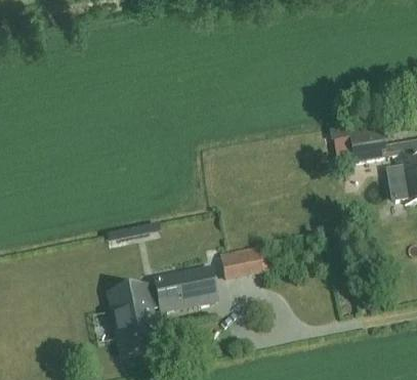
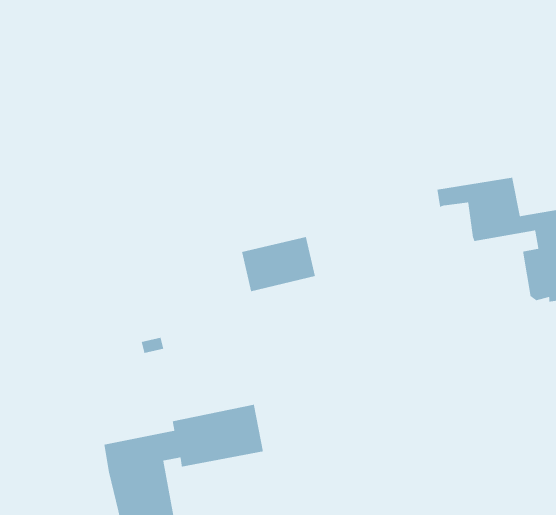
building: [223,242,273,279] -> [241,236,316,292]

